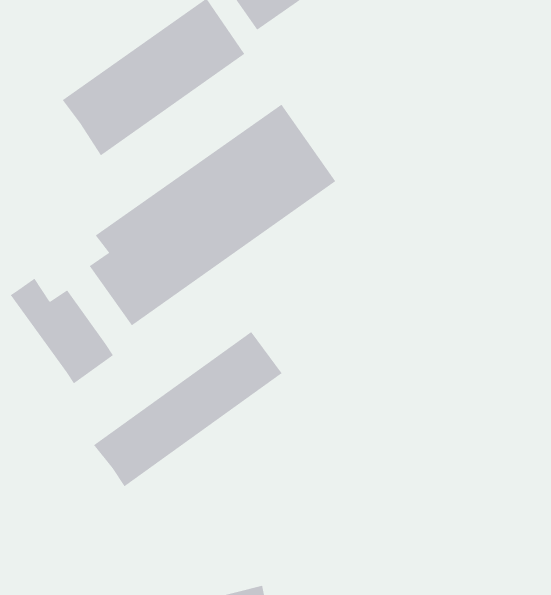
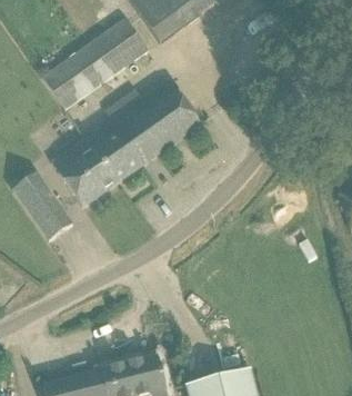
building: [93,331,282,487] -> none

